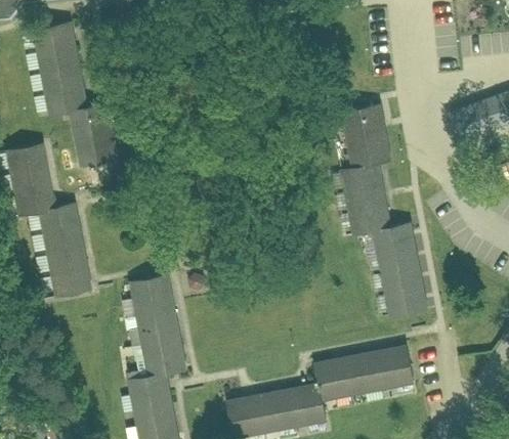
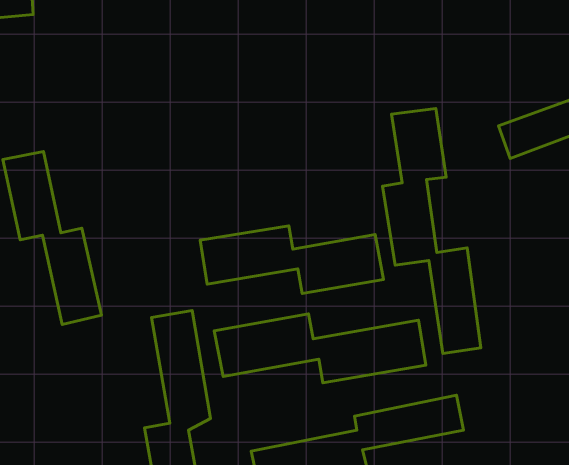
building: [35,25,119,169] -> none
building: none -> [200,226,383,293]
building: none -> [214,314,426,383]

